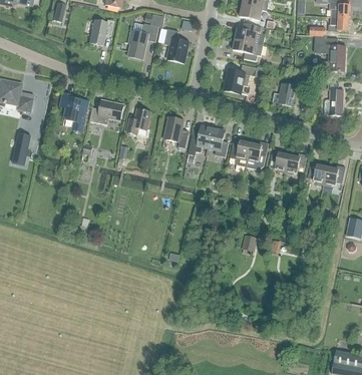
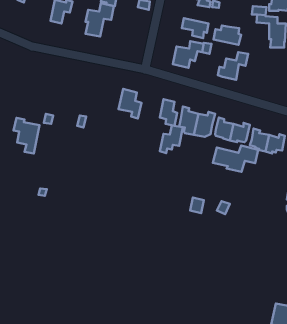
building: [235,23,265,44] -> [214,26,241,45]
building: [158,27,189,62] -> none
building: [324,81,343,114] -> none
building: [60,91,88,130] -> [14,118,39,154]
building: [89,99,123,122] -> none
building: [126,107,150,135] -> none
building: [188,124,213,154] -> [160,125,183,153]
building: none -> [213,145,258,172]

